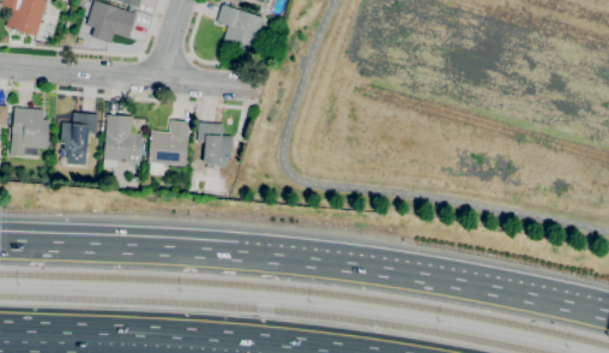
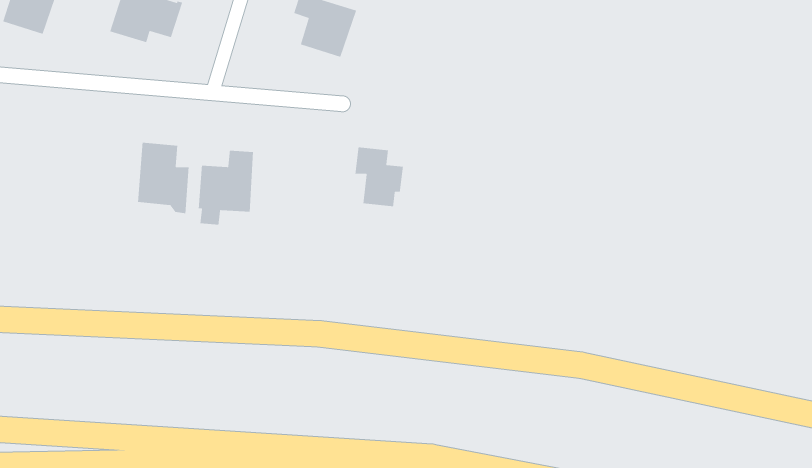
building: [12,107,49,155] -> none
building: [61,112,98,164] -> none
building: [198,121,234,166] -> [354,146,404,207]

